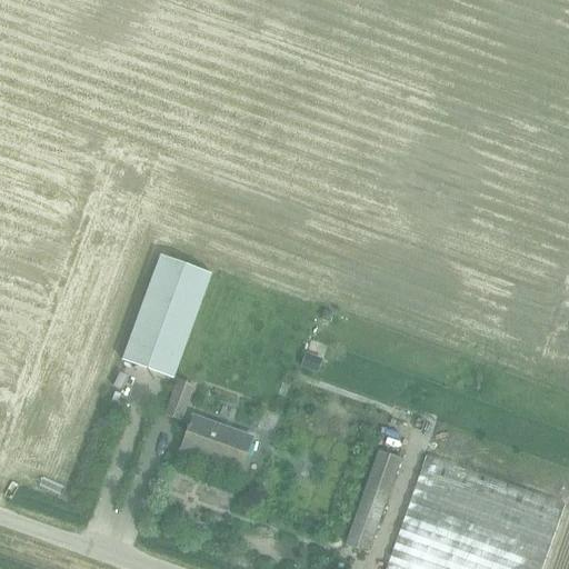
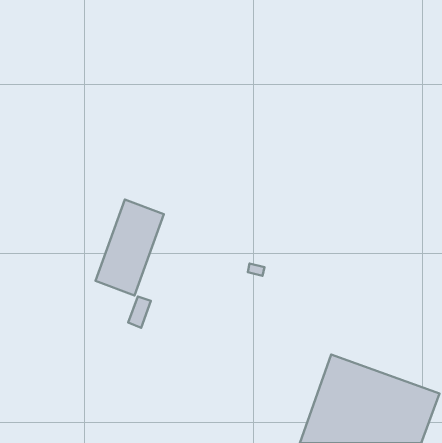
building: [180,417,251,471] -> none
building: [345,450,400,552] -> none

